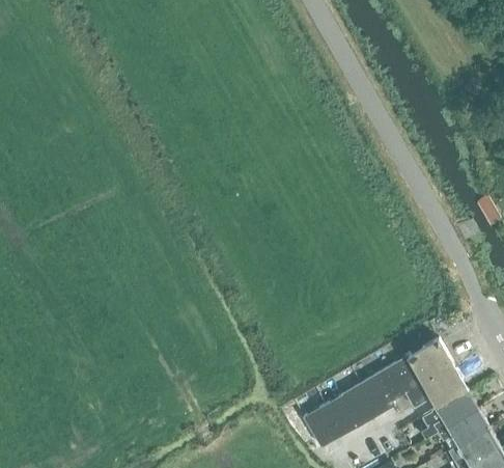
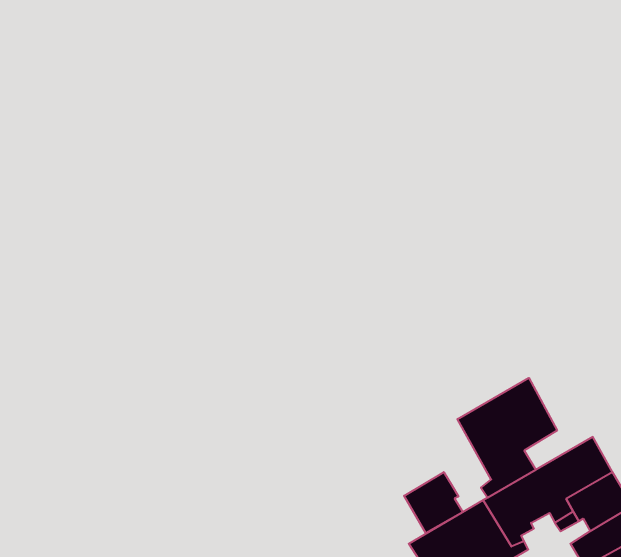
building: none -> [457,378,557,498]
building: none -> [404,472,463,533]

